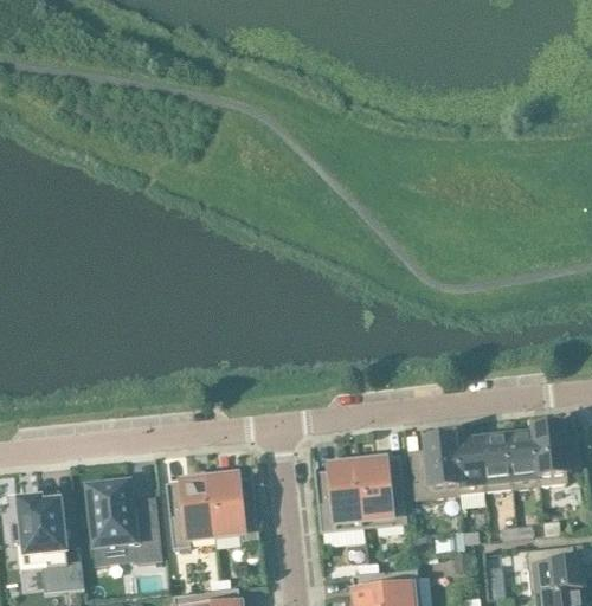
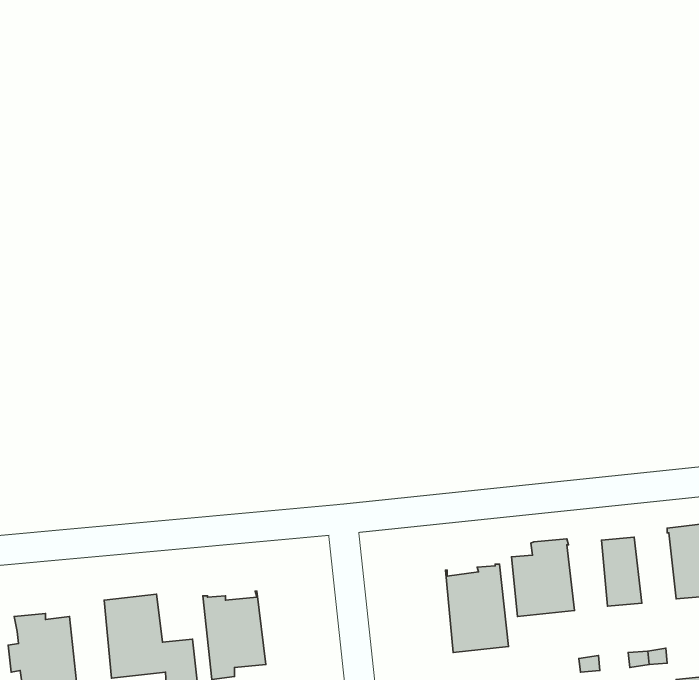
building: [506,433,539,489] -> none
building: [452,439,484,495] -> none
building: [313,463,362,533] -> none
building: [207,473,258,541] -> none

